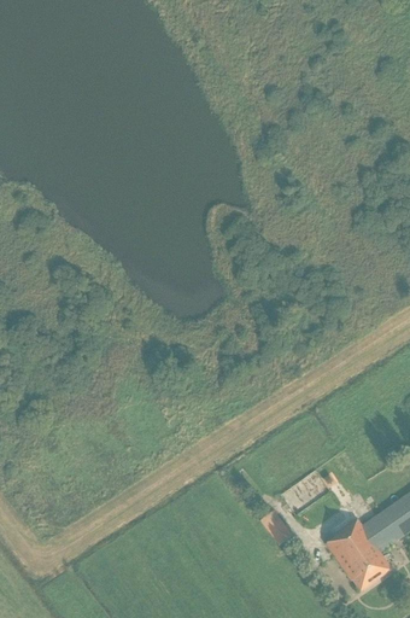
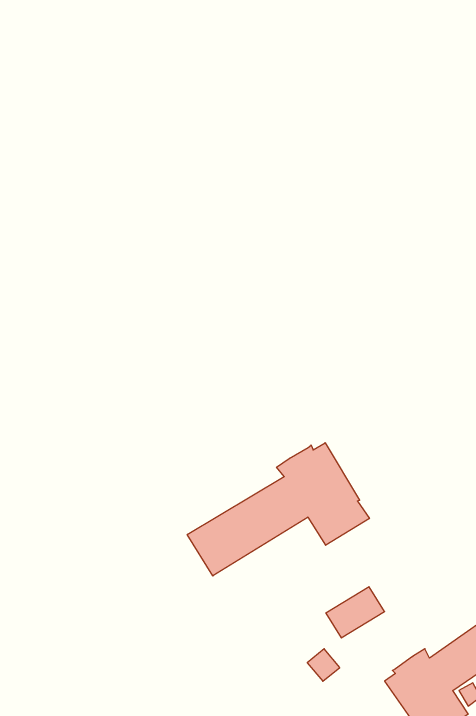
building: none -> [187,443,369,576]

